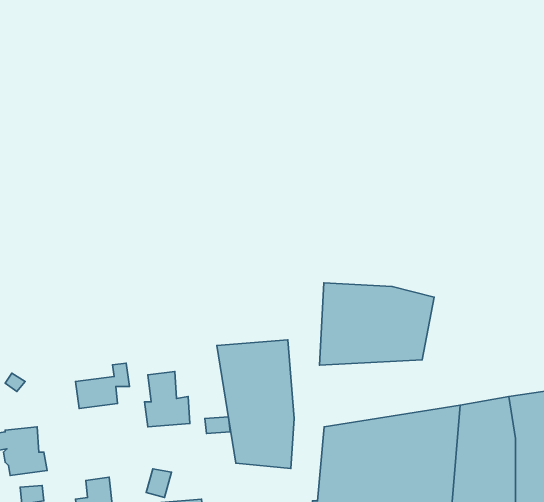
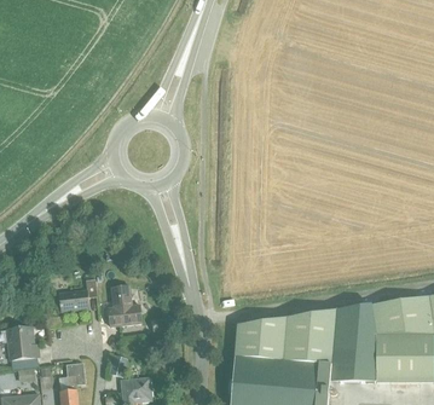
building: [320,283,434,365] -> none
building: [217,340,294,469] -> none

